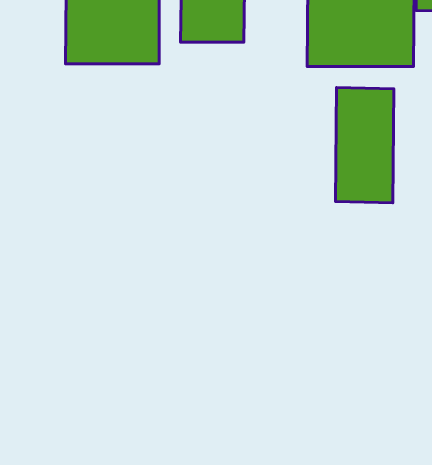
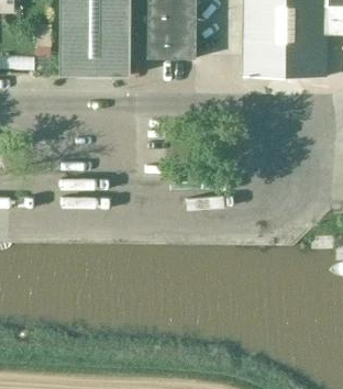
building: [336,87,394,203] -> none

